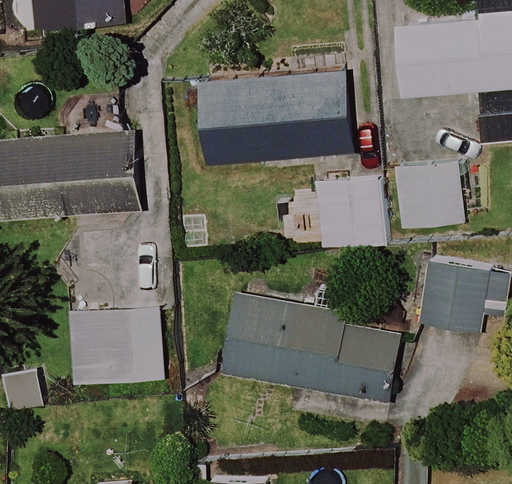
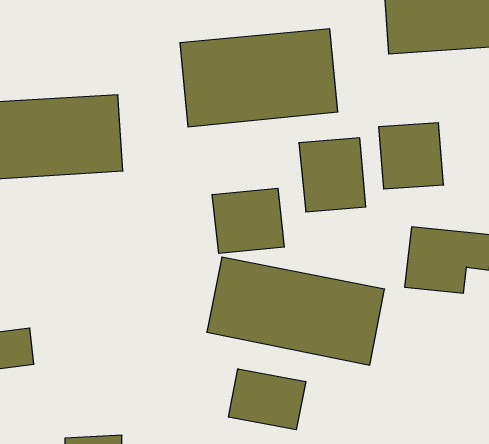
building: none -> [212,188,284,253]
building: [69,303,162,383] -> none
building: none -> [228,369,306,430]

